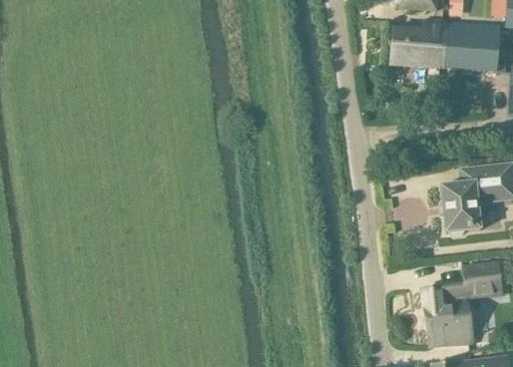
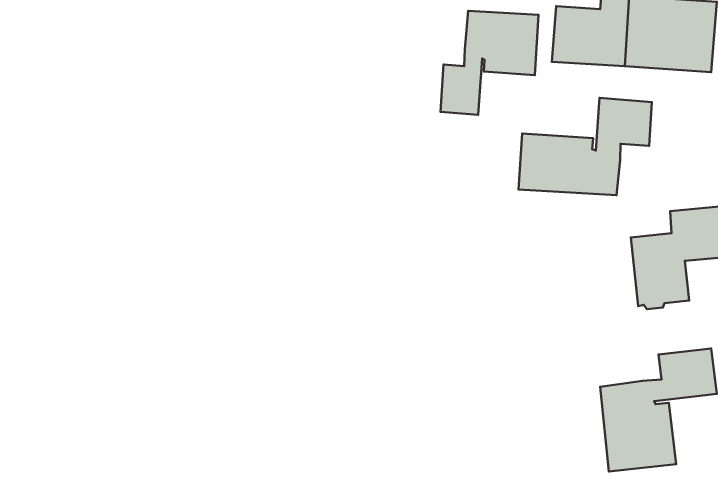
building: none -> [441,11,538,115]
building: none -> [519,98,652,195]

